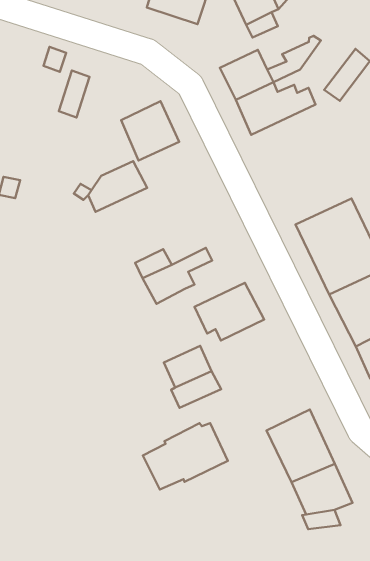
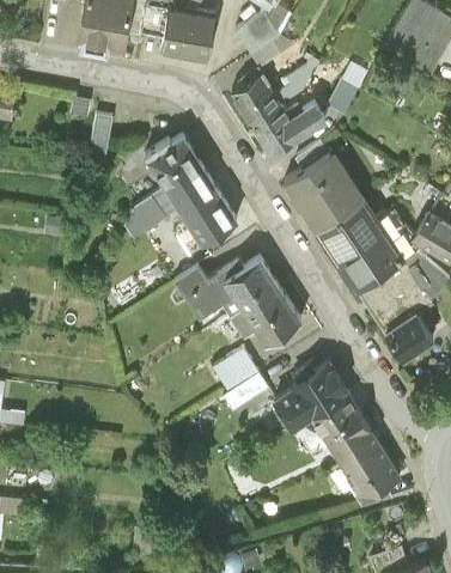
building: none -> [287,152,365,231]
building: none -> [167,169,233,238]
building: none -> [224,263,278,317]
building: [143,423,228,489] -> [273,365,351,431]

